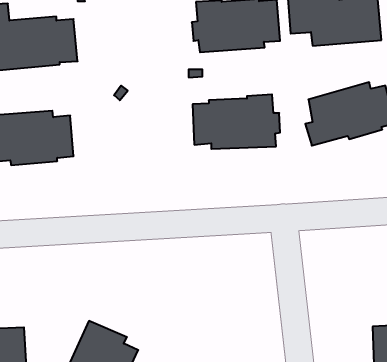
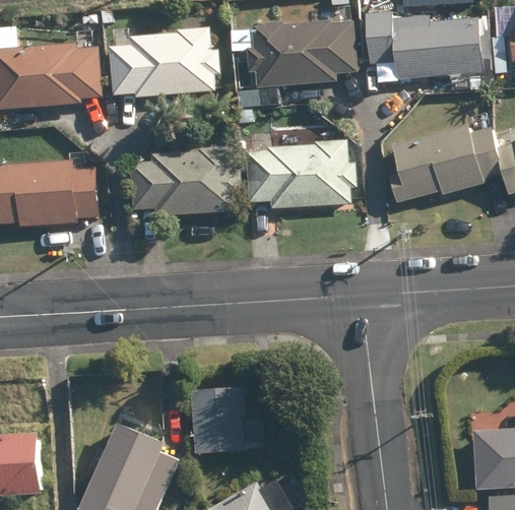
building: none -> [110,26,220,98]
building: none -> [130,146,242,216]
building: none -> [190,384,246,453]

